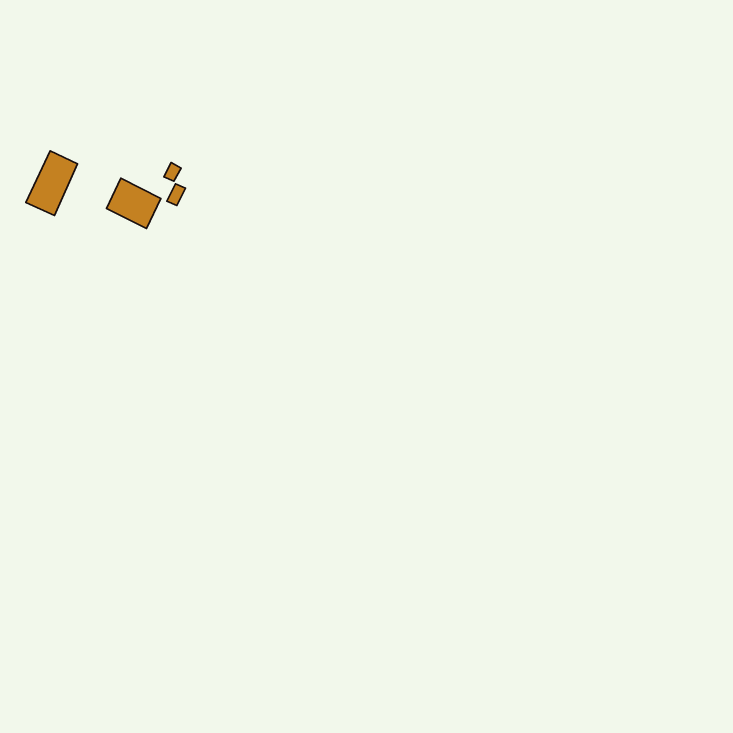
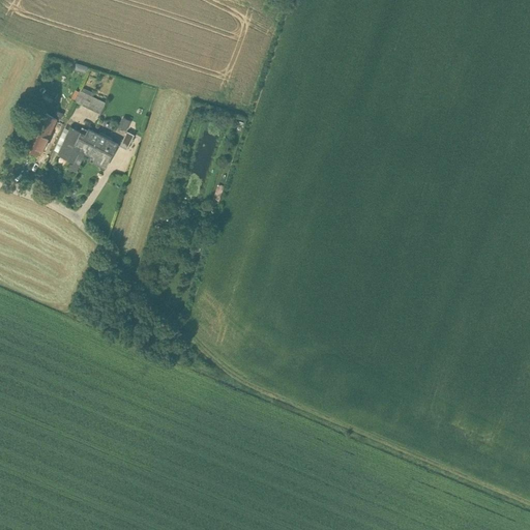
building: none -> [76,89,107,113]
building: none -> [58,127,86,167]

